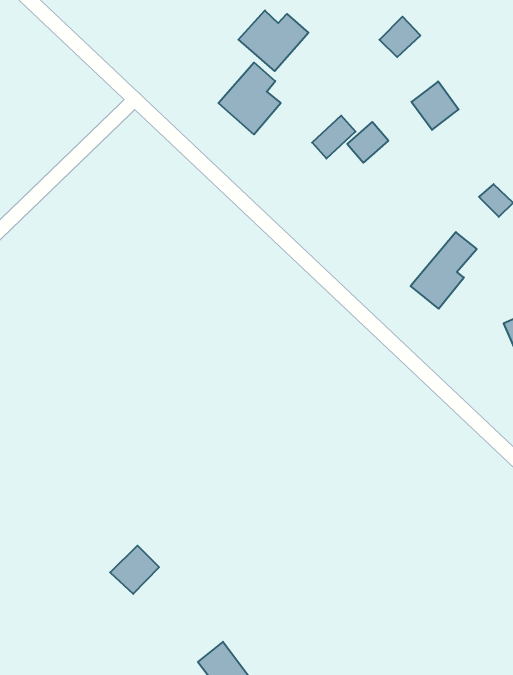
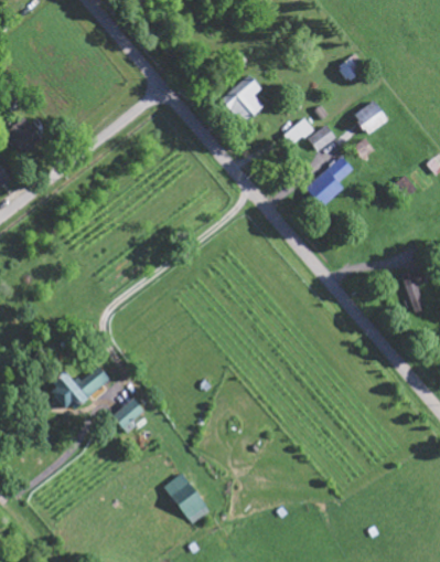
building: [238,10,308,71] -> none
building: [411,232,477,309] -> [305,156,354,208]
building: none -> [49,365,110,411]

